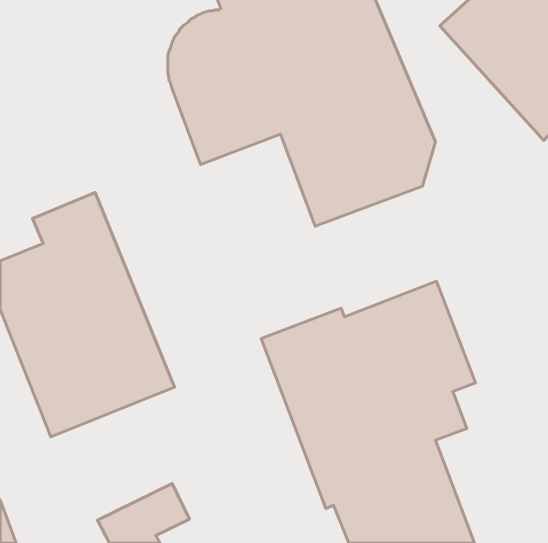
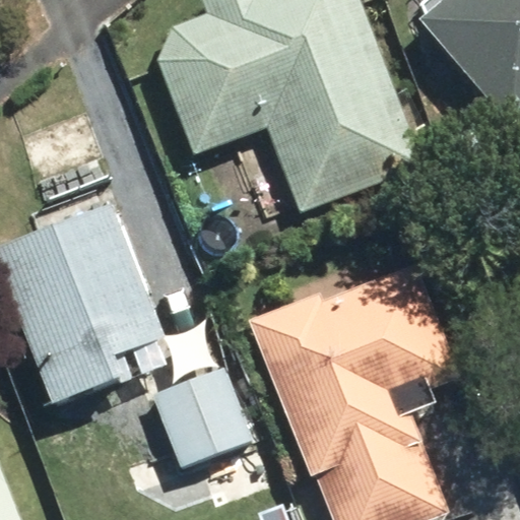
building: none -> [152,363,254,468]

